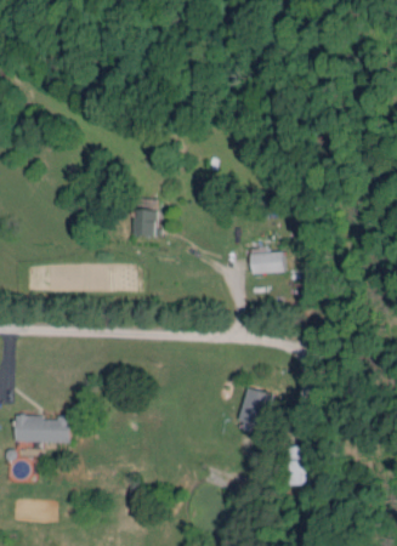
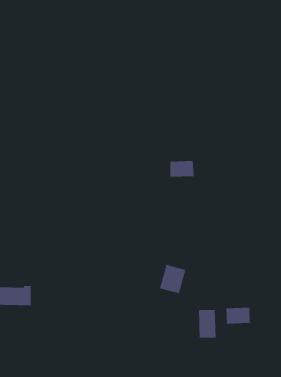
building: [135,210,160,237] -> none
building: none -> [226,307,250,324]

